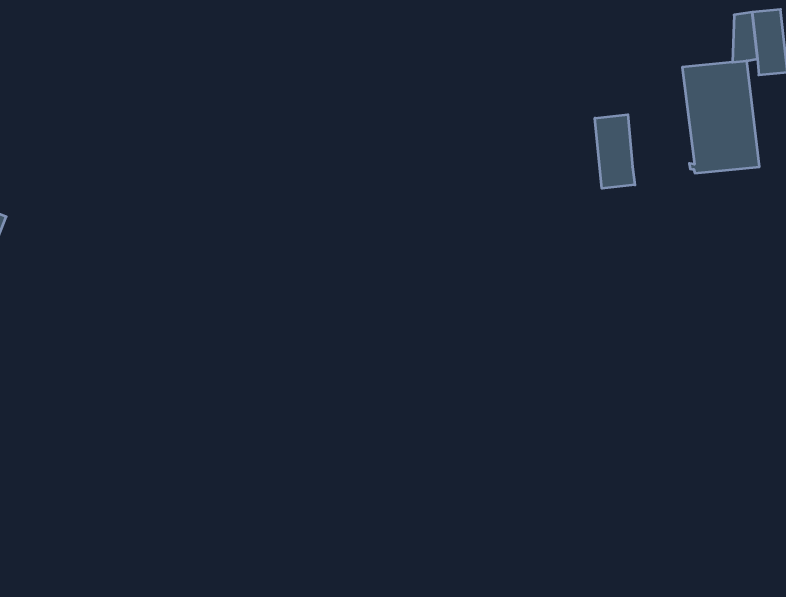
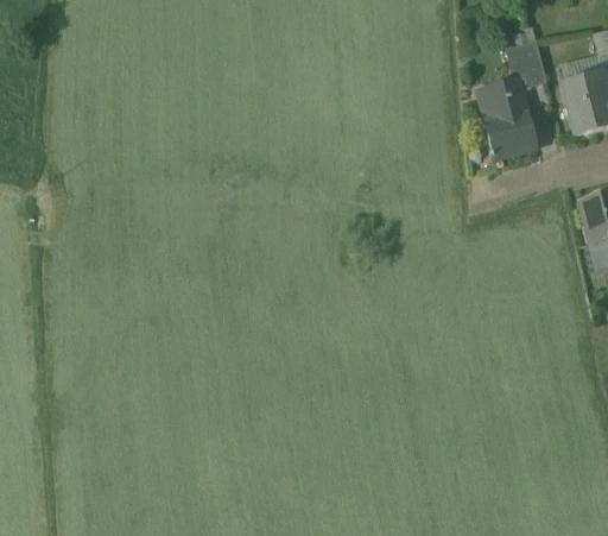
building: [595,115,635,188] -> none

